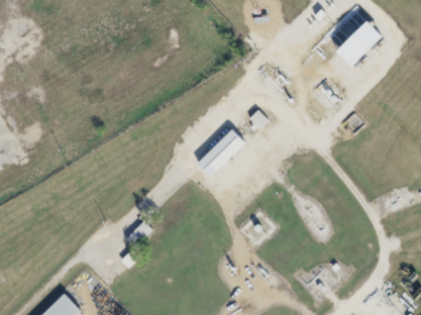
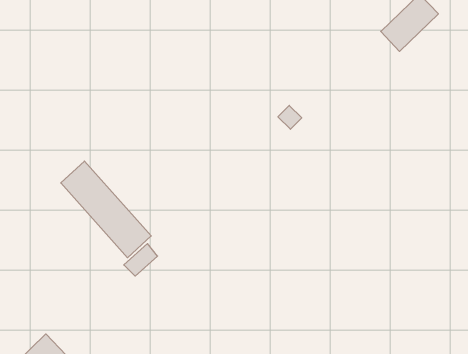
building: [196,129,245,177] -> none
building: none -> [61,161,151,258]

